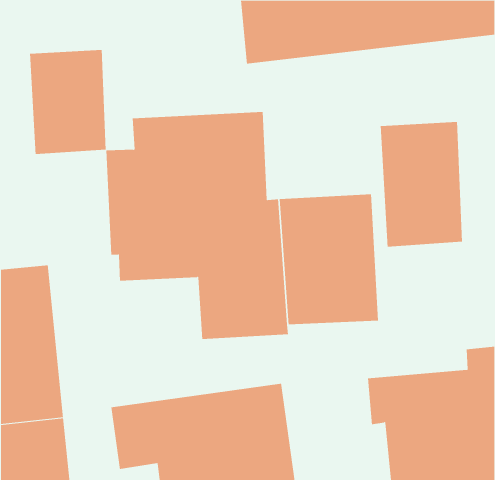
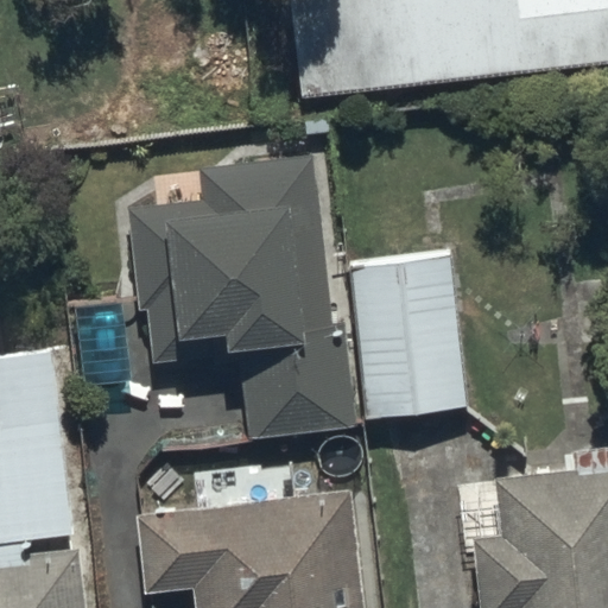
building: [29,49,106,155] -> none
building: [380,121,462,247] -> none

